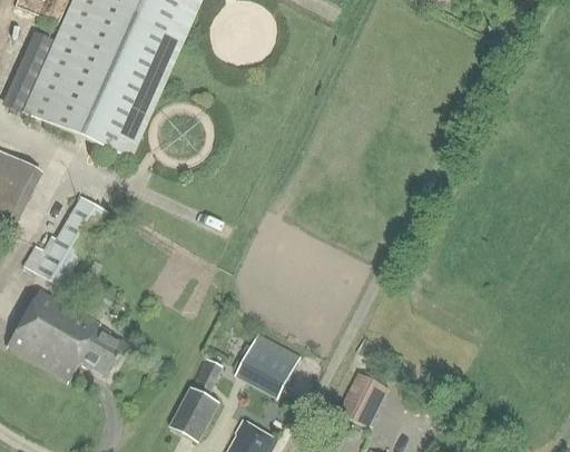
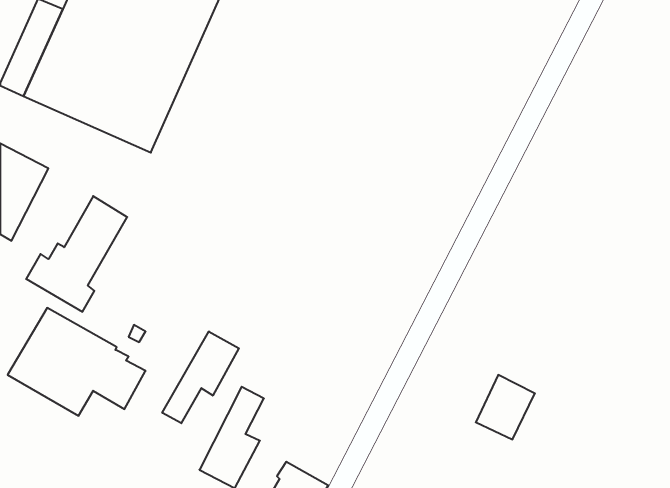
building: none -> [162,331,239,423]
building: [235,333,301,399] -> none
building: [340,372,390,426] -> [476,375,535,439]

